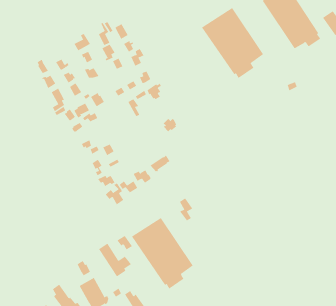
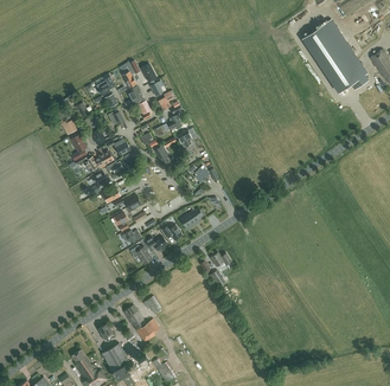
building: [201,7,264,79] -> none
building: [131,217,193,289] -> none

